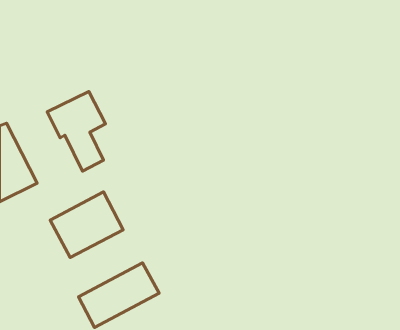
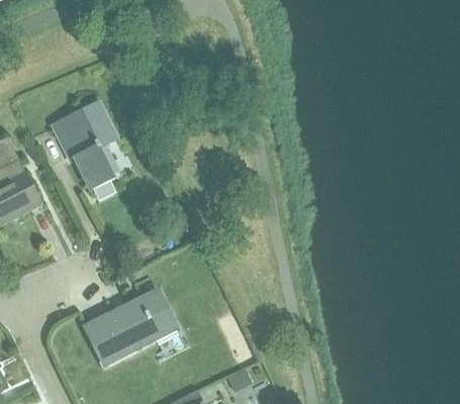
building: [50,192,123,257] -> none

